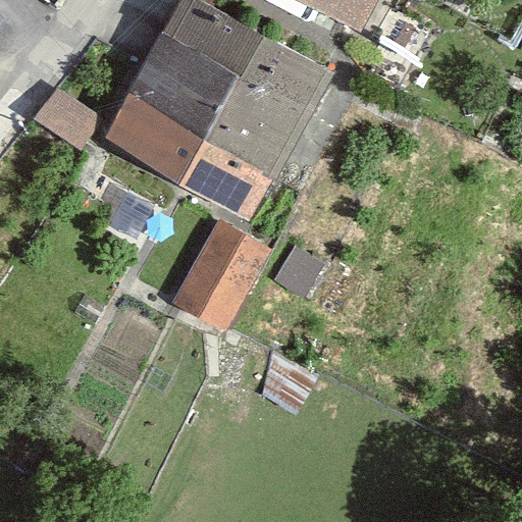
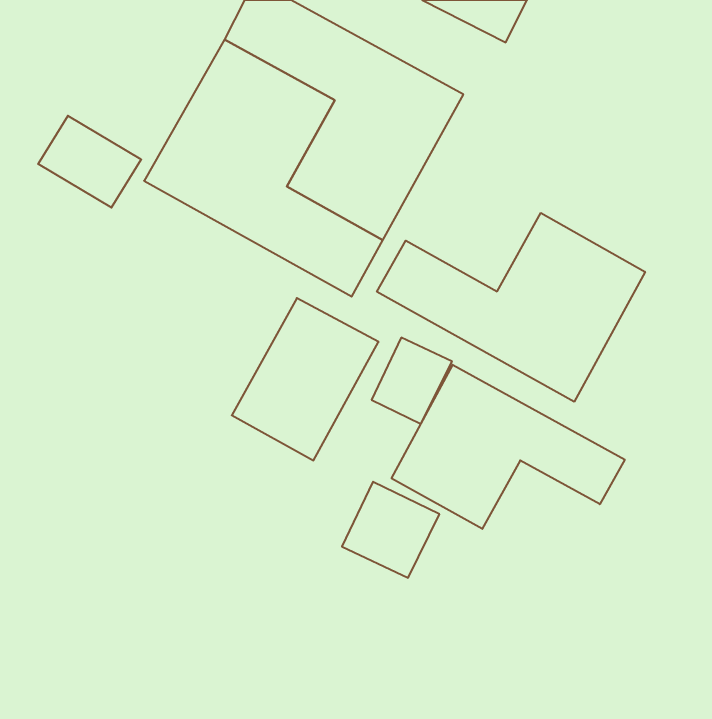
building: none -> [377,213,645,402]
building: none -> [392,365,625,529]

